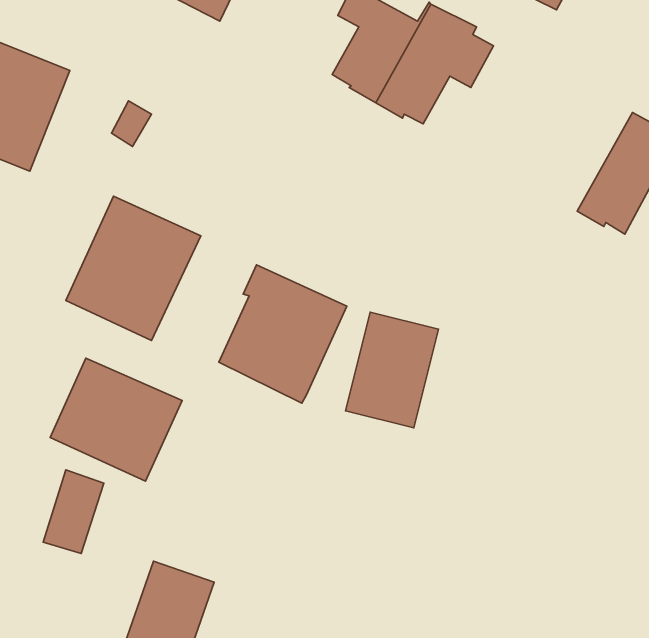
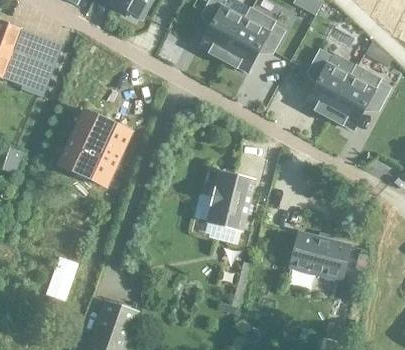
building: none -> [304,49,357,117]
building: [219,265,347,403] -> none
building: [50,358,182,481] -> none
building: none -> [290,232,349,279]

